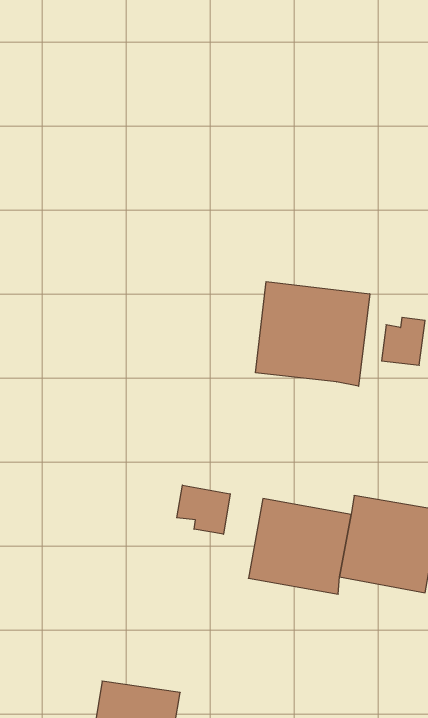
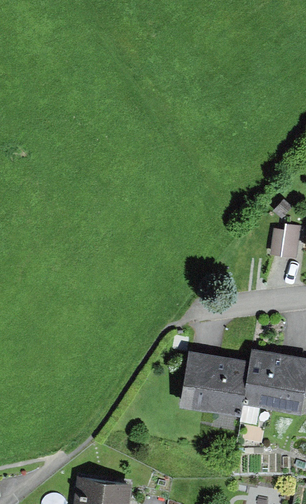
building: [256,282,370,386] -> none
building: [177,485,230,534] -> none

